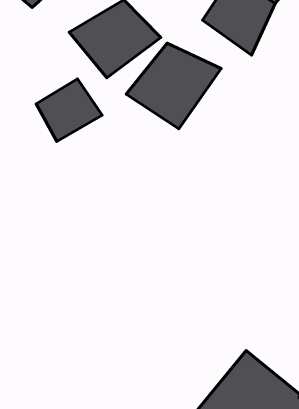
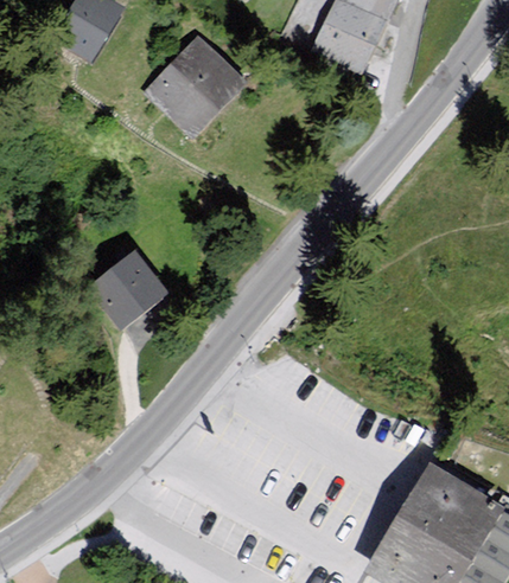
building: [126,43,221,129] -> none
building: [36,79,102,141] -> [88,250,171,331]

